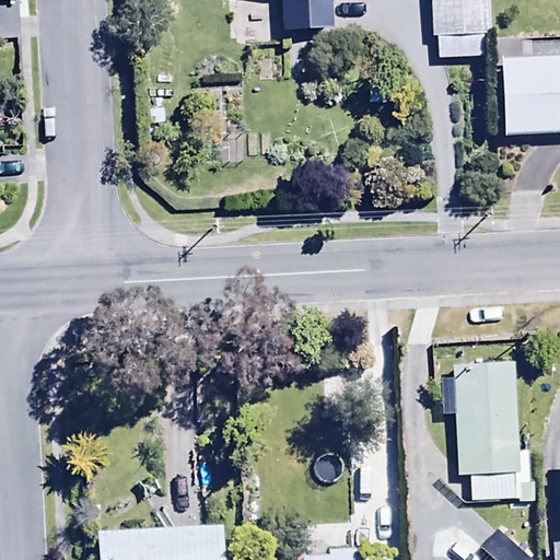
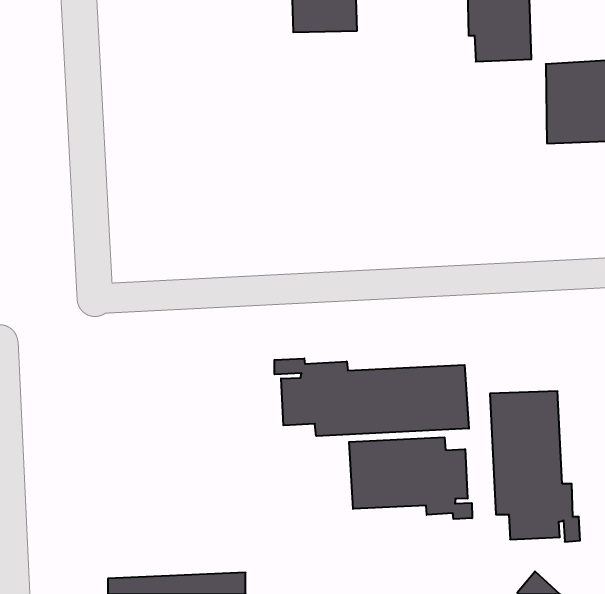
building: none -> [274,358,469,436]
building: none -> [349,437,472,519]

